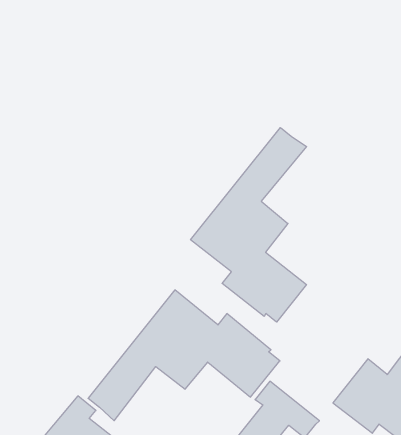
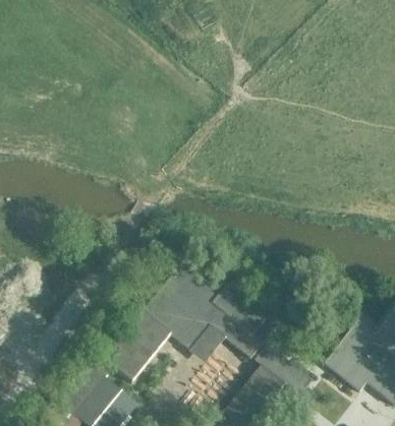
building: [191,128,307,322] -> none

